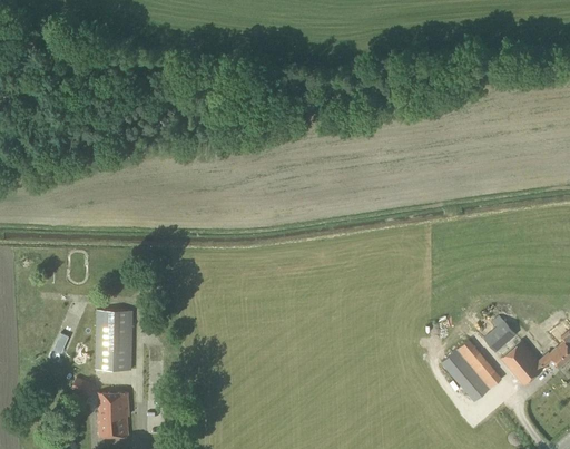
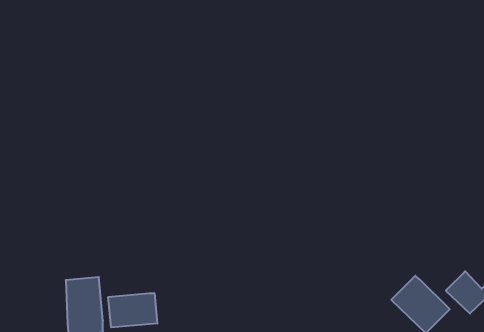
building: [482,319,515,352] -> none
building: none -> [108,293,157,327]

